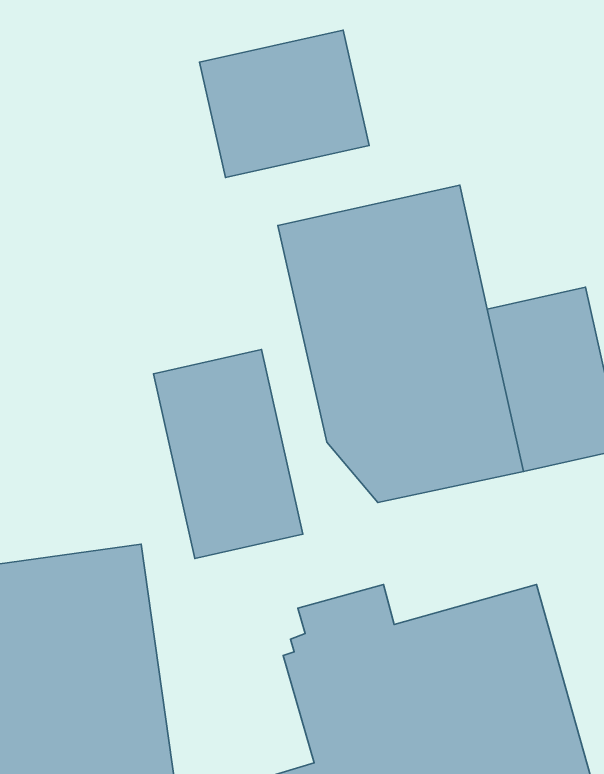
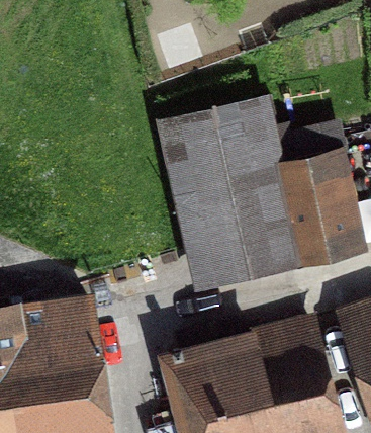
building: [200,30,369,178] -> none
building: [154,349,303,558] -> none

